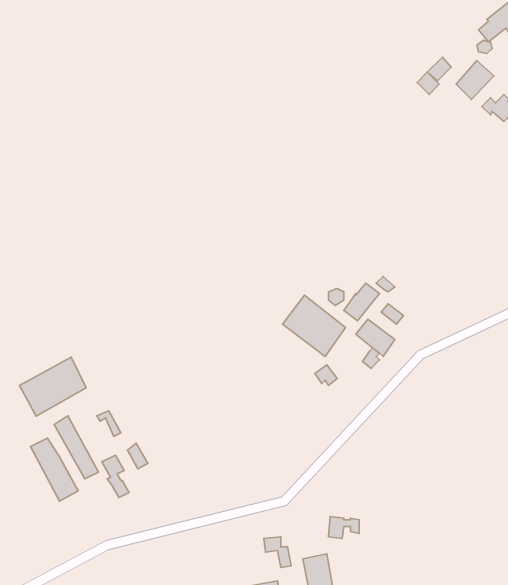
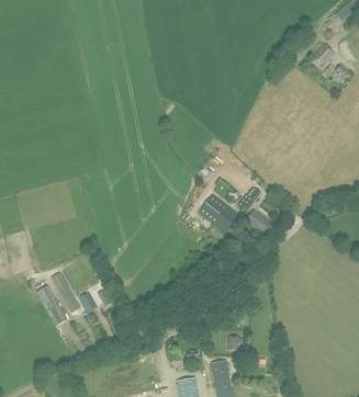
building: [19,357,86,416] -> none

